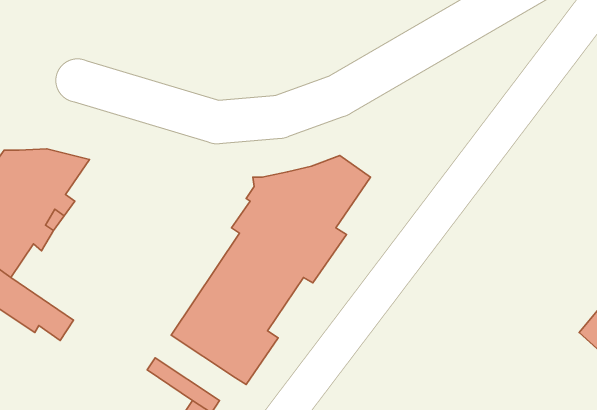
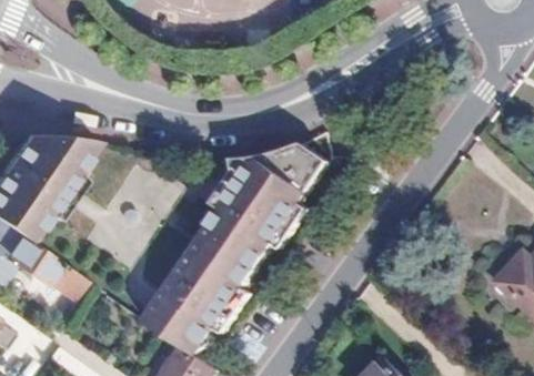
building: none -> [144,293,211,347]

